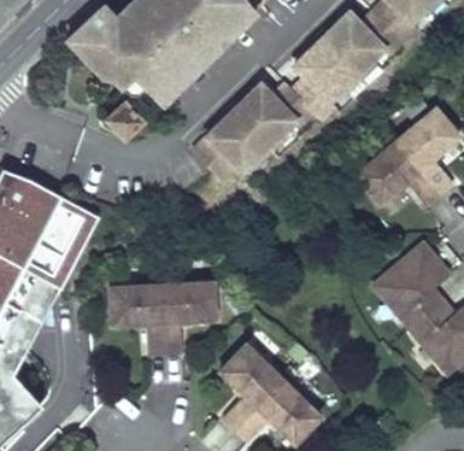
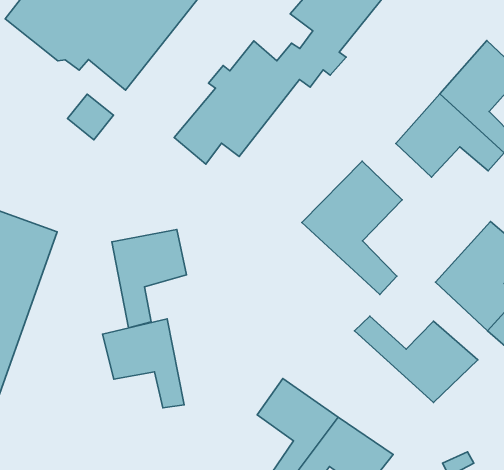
building: none -> [302,161,402,294]
building: [164,283,218,355] -> [112,229,186,328]
building: none -> [354,316,478,403]

